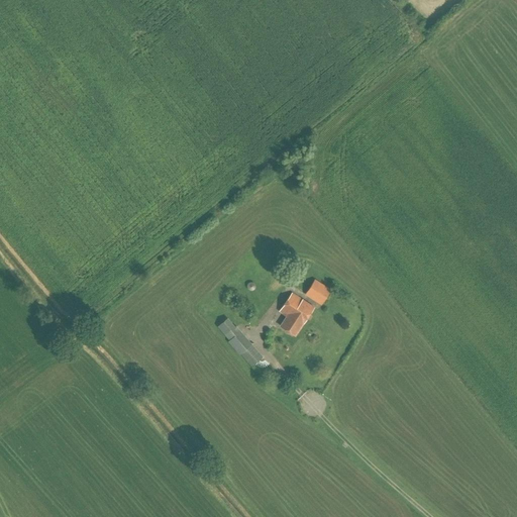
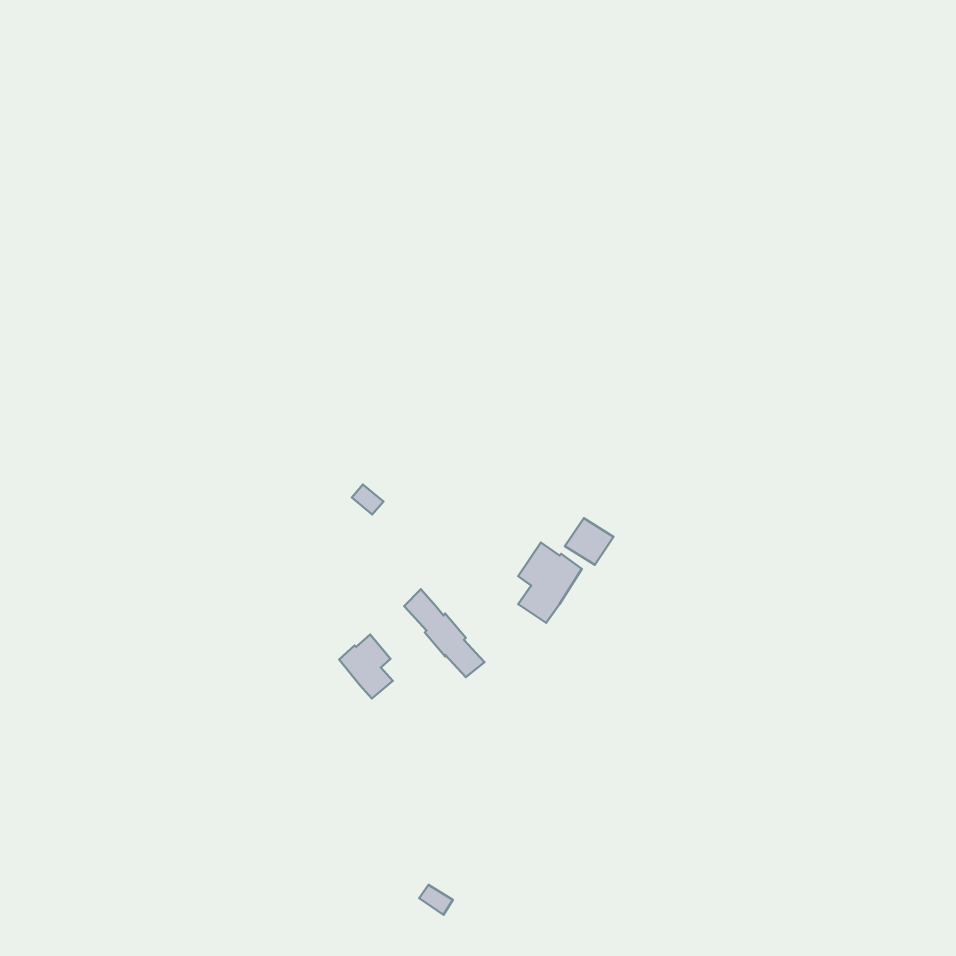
building: none -> [339,635,393,699]

